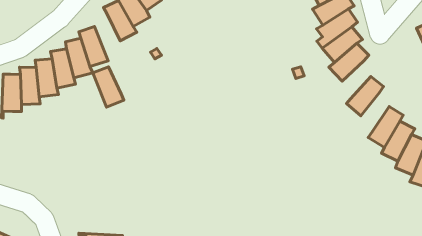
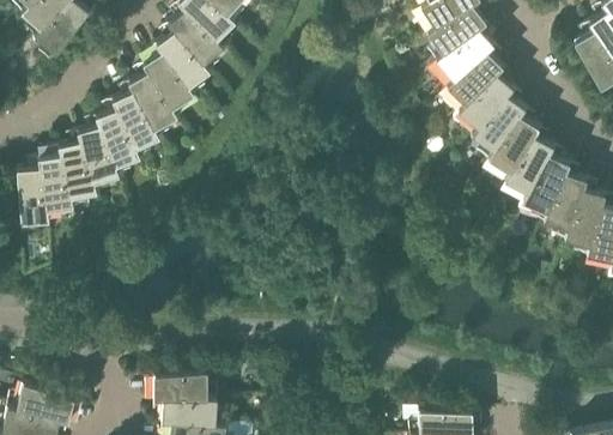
building: none -> [473,98,523,152]
building: [93,67,124,107] -> [128,74,175,129]
building: none -> [505,139,552,194]

